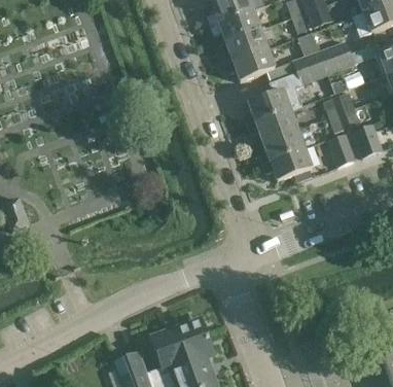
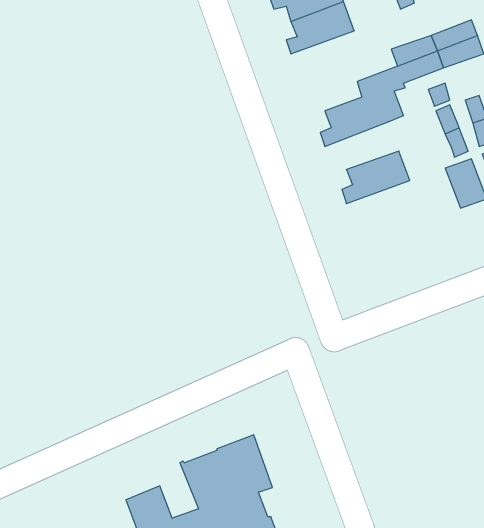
building: [225,47,275,80] -> none
building: [248,108,297,140] -> none
building: [262,147,312,180] -> none

